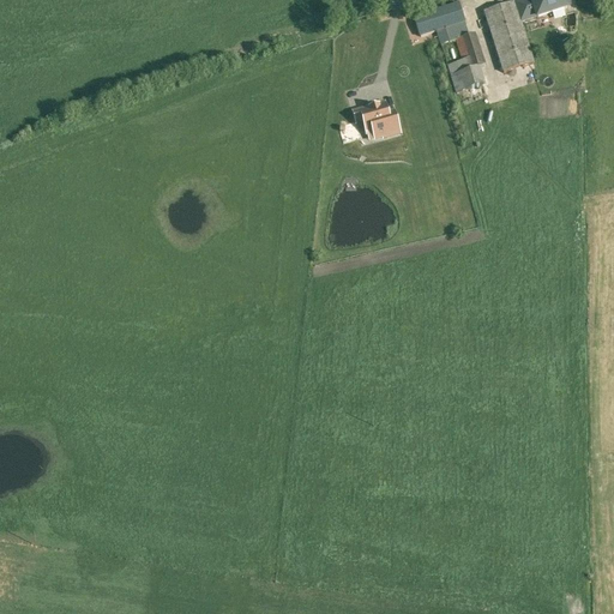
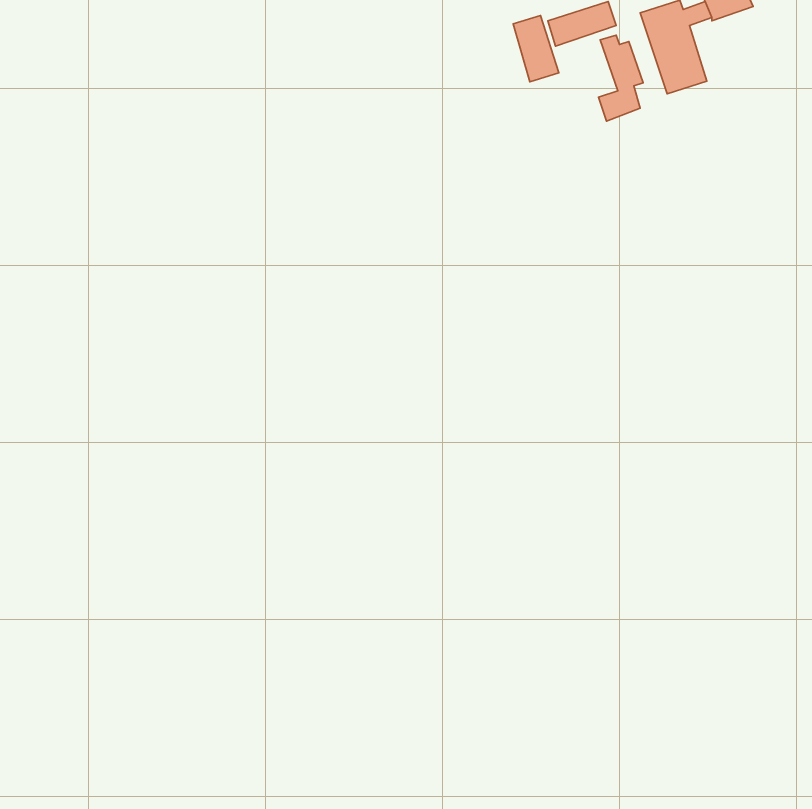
building: none -> [513,16,559,82]
building: [354,102,398,137] -> none

